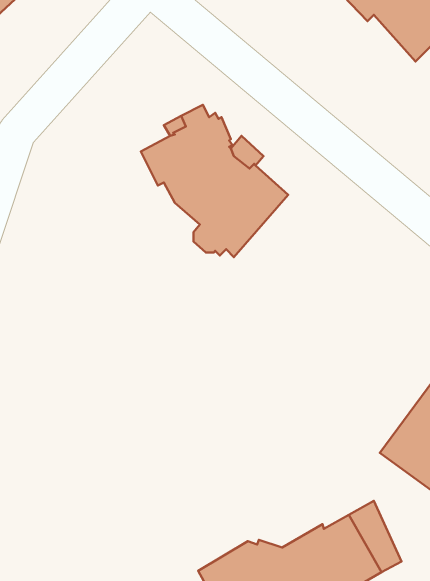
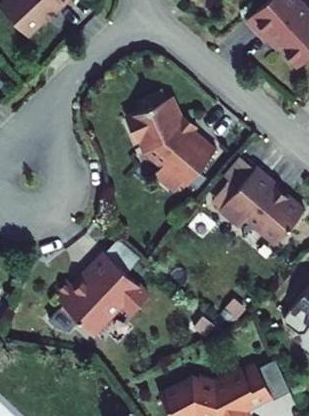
building: none -> [218,169,299,244]
building: none -> [59,253,152,331]

